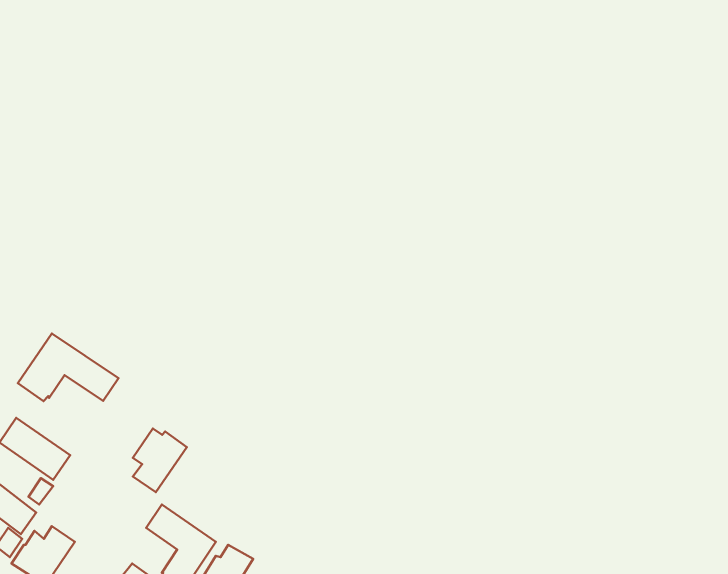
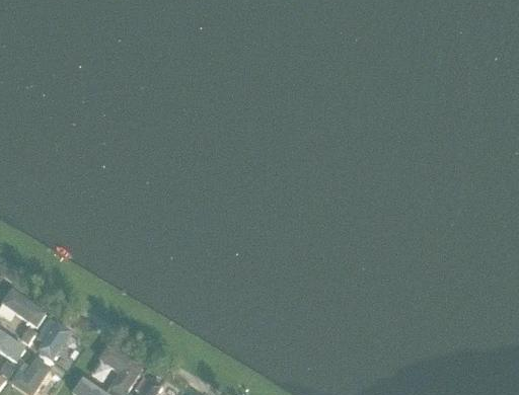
building: [18,333,119,401] -> none
building: [133,428,187,492] -> [35,318,71,360]

